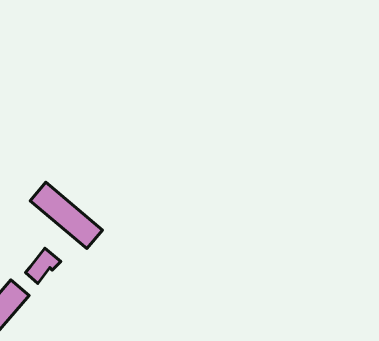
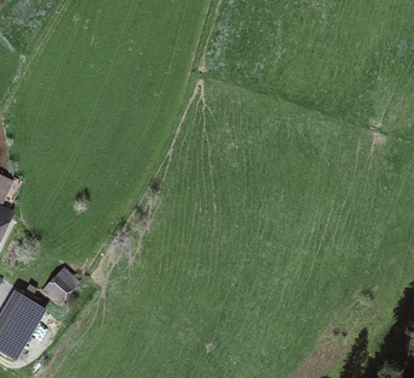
building: [30,182,103,249] -> none

